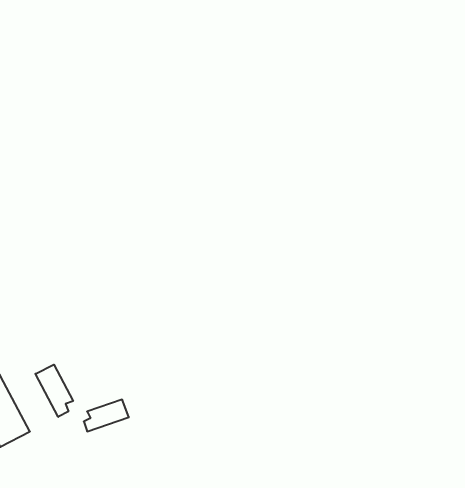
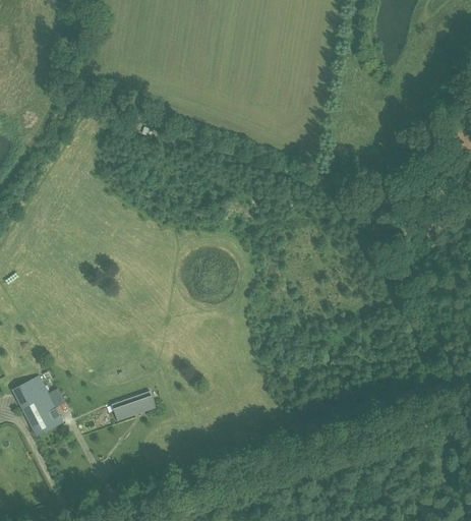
building: [35,365,73,417] -> none

